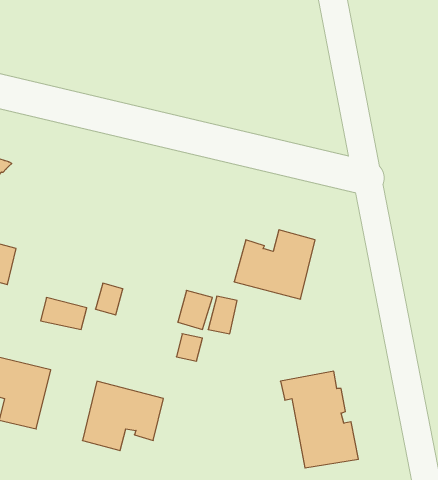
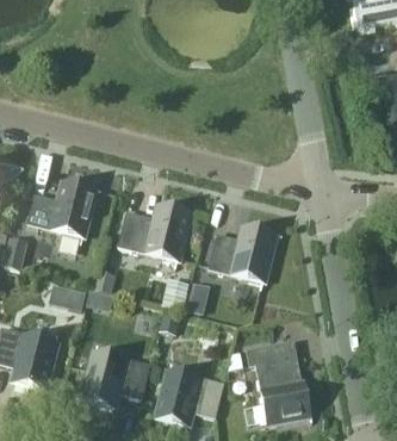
building: none -> [29,179,95,236]
building: none -> [119,203,191,260]
building: none -> [157,368,224,424]

